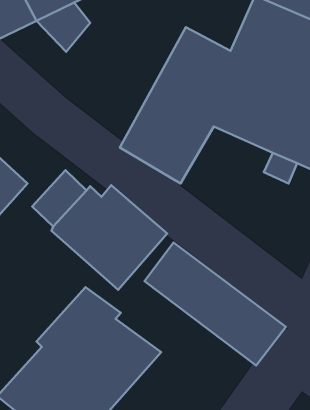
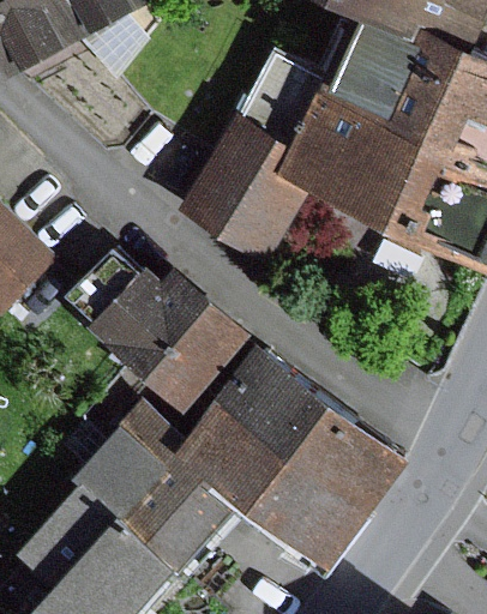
building: none -> [175,398,367,564]

